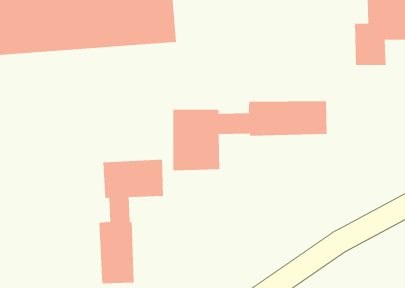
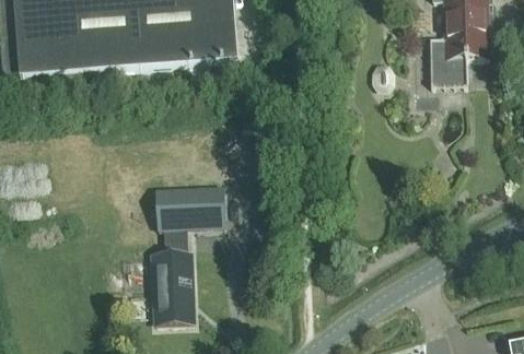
building: [173,101,327,171] -> none

